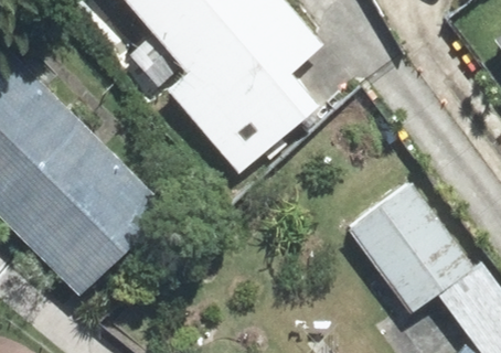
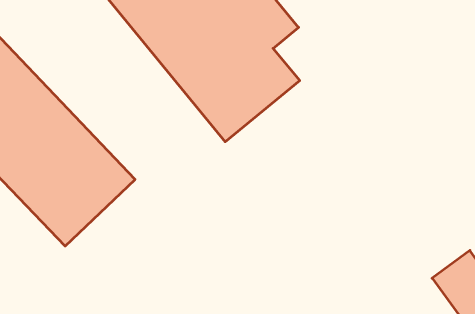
building: [354,184,469,306] -> none

